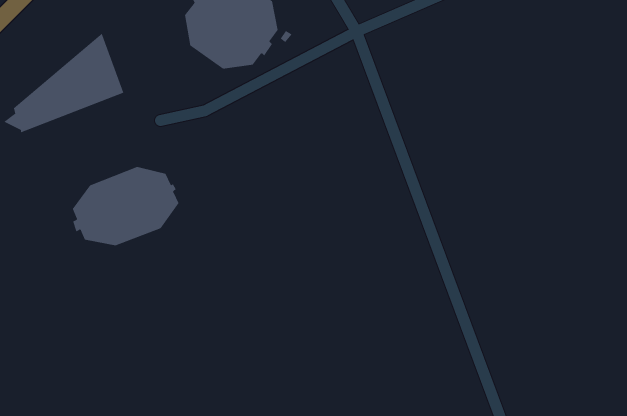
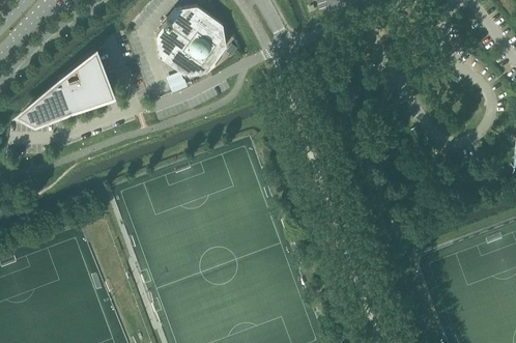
building: [72,166,179,246] -> none

